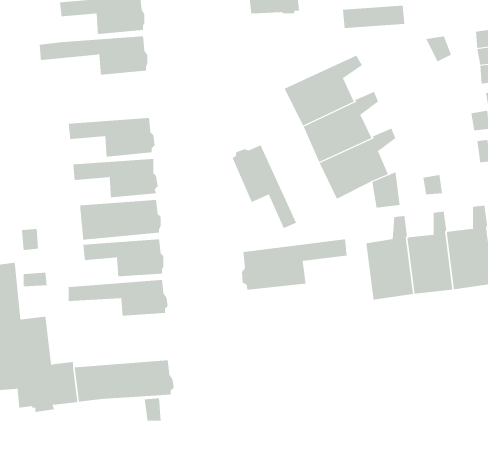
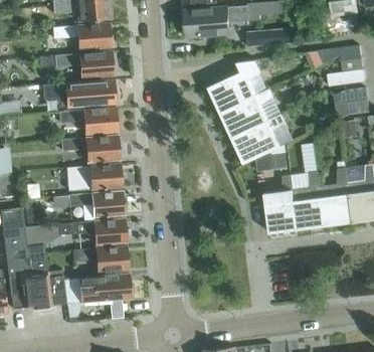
building: none -> [42,79,117,109]
building: [232,145,297,229] -> none
building: [241,238,347,290] -> none
building: none -> [25,224,59,244]
building: none -> [72,246,130,273]

